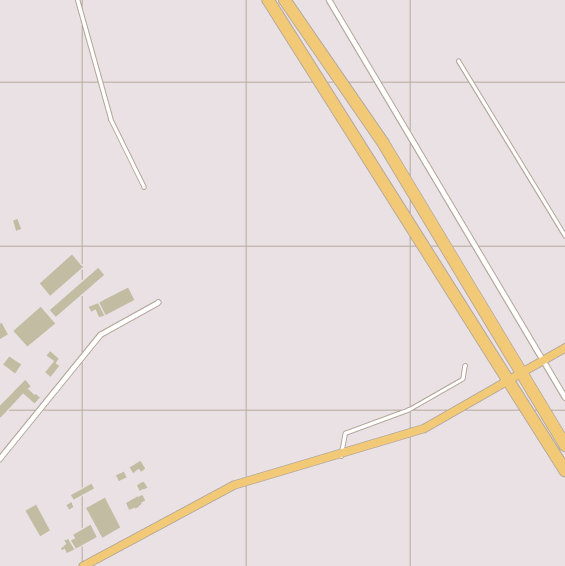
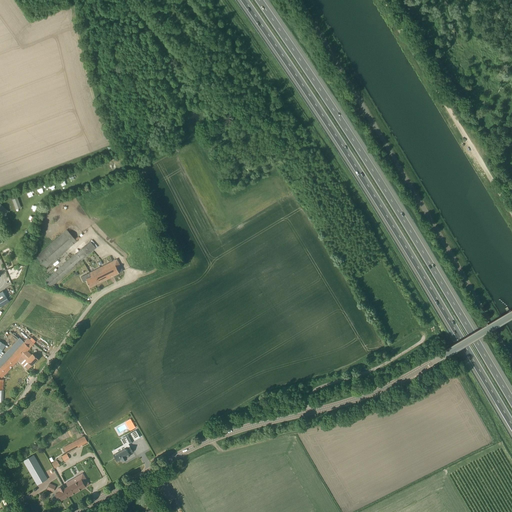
building: [12,306,56,347] -> none
building: [85,497,121,539] -> none

